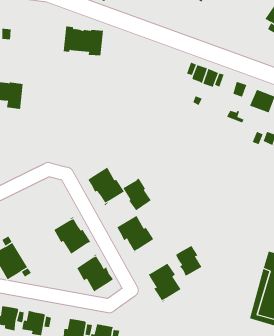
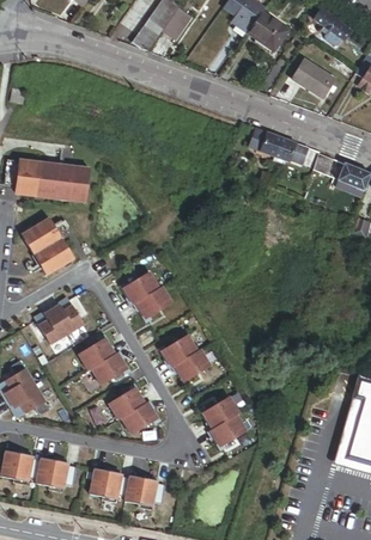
building: none -> [293,61,335,100]
building: [63,26,104,56] -> [36,159,90,198]
building: none -> [22,215,74,271]
building: [123,178,151,211] -> none
building: none -> [35,294,84,340]
building: [175,245,202,276] -> none

